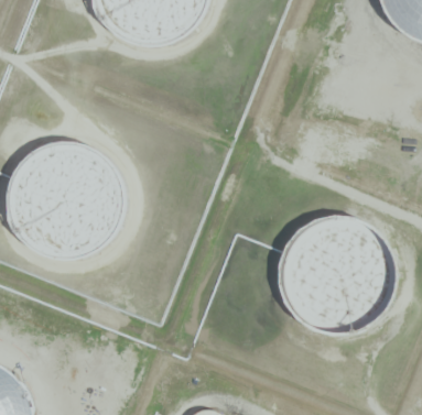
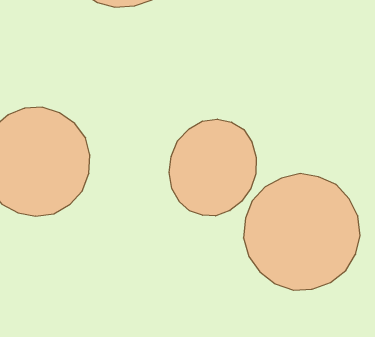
building: none -> [169,119,256,216]

